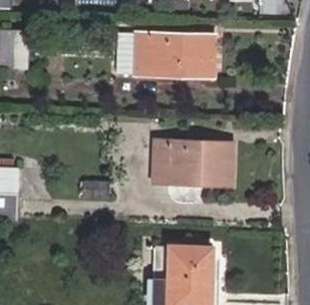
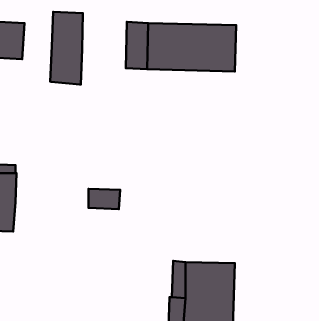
building: none -> [50,12,83,85]
building: [152,139,233,185] -> none

